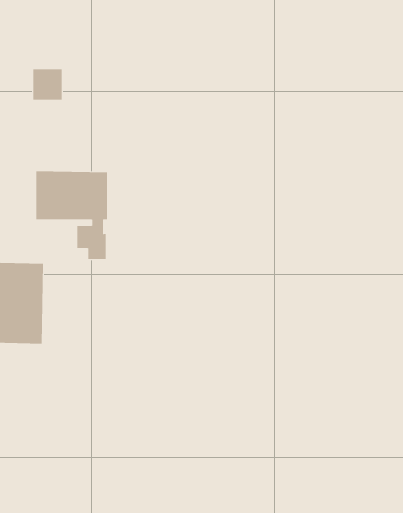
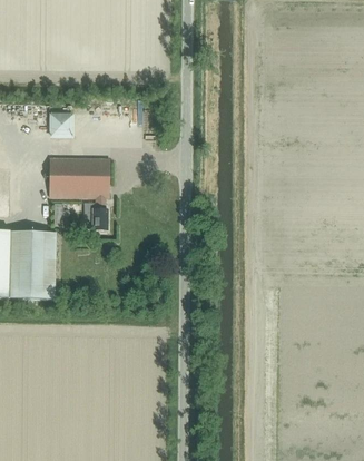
building: [32,69,62,100] -> [48,110,72,136]

